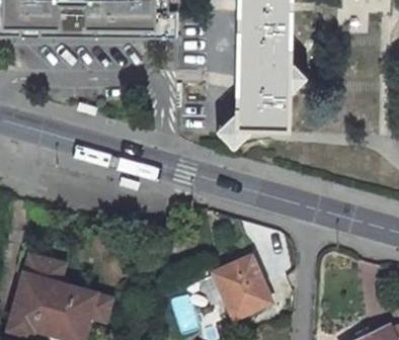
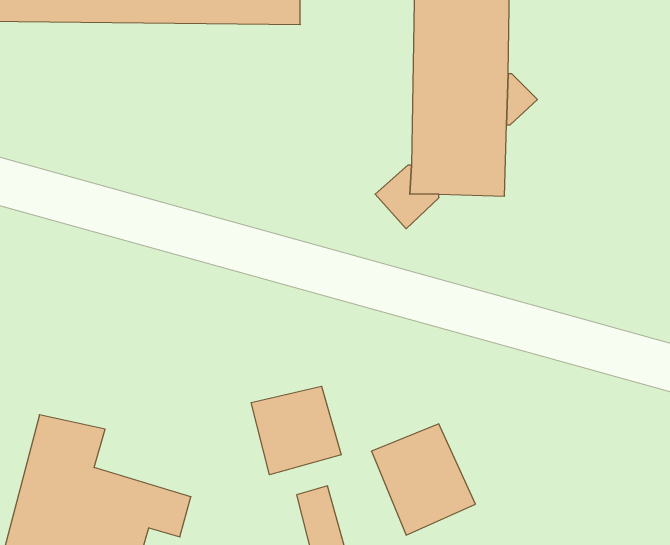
building: none -> [251,386,341,475]

